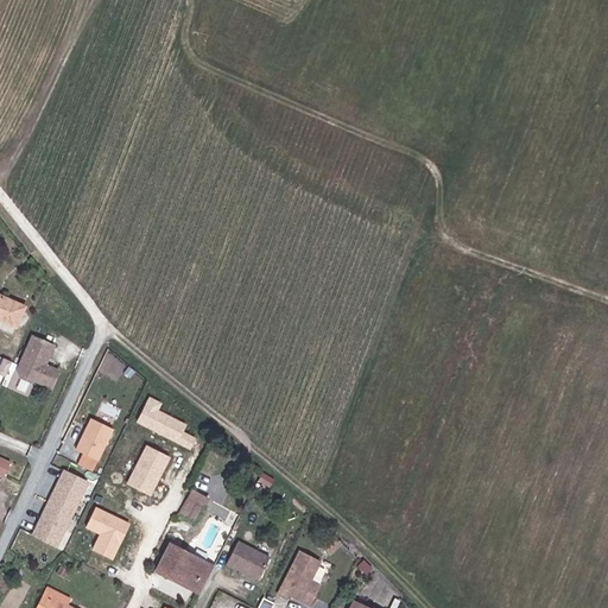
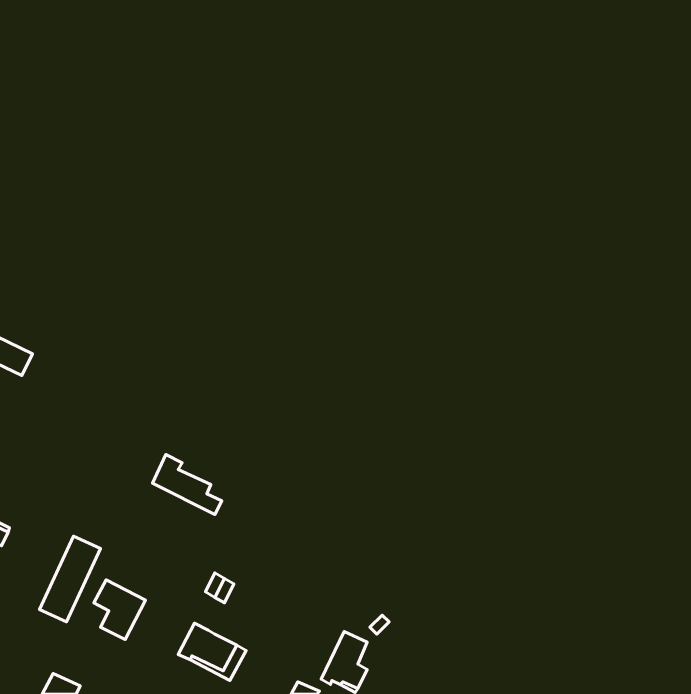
building: [26,334,66,385] -> none
building: [72,418,110,471] -> none
building: [124,444,169,495] -> none
building: [228,542,271,578] -> none

